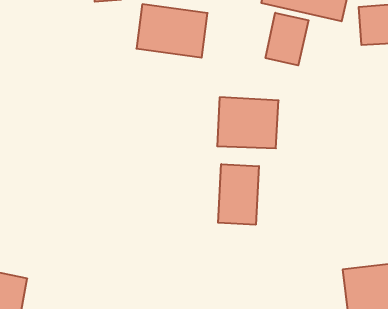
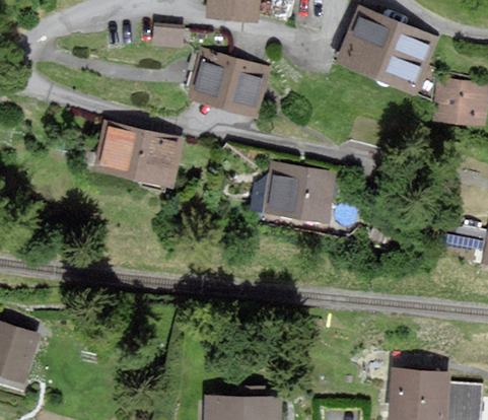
building: [266,13,309,65] -> none
building: none -> [92,122,185,188]
building: [218,164,259,225] -> none

